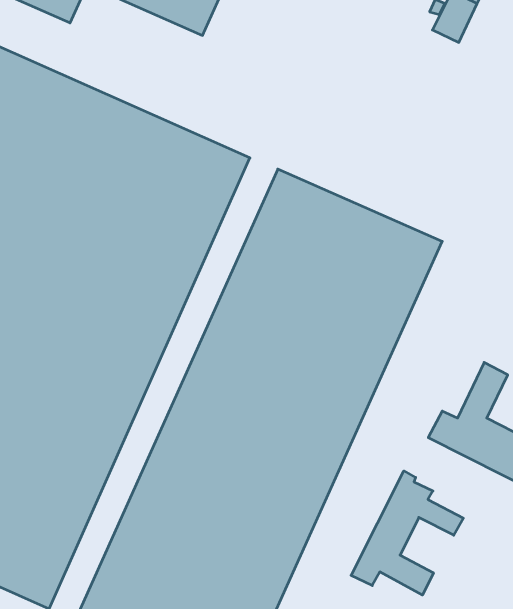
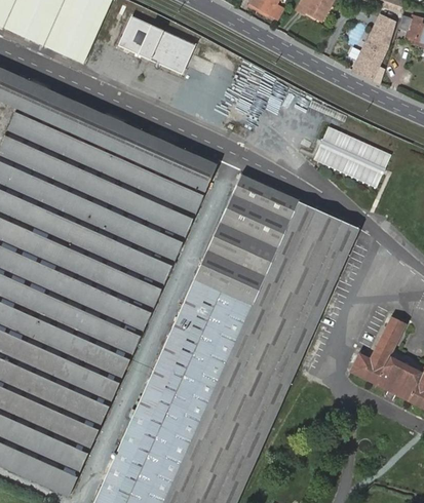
building: none -> [312,126,391,188]
building: [351,471,463,595] -> none

